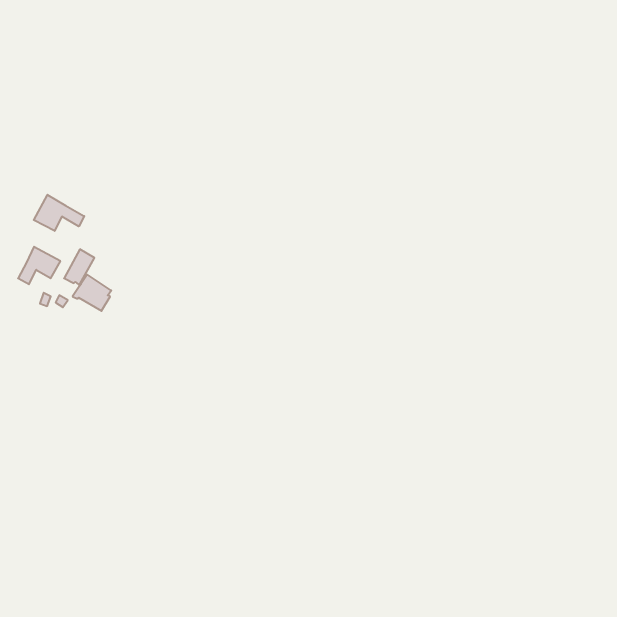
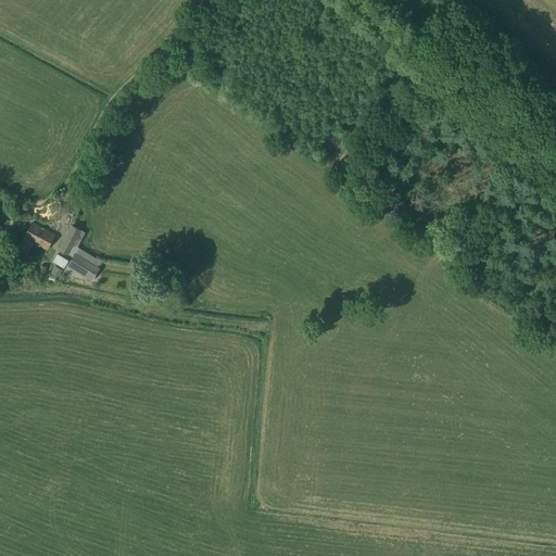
building: [34,195,84,231] -> none

